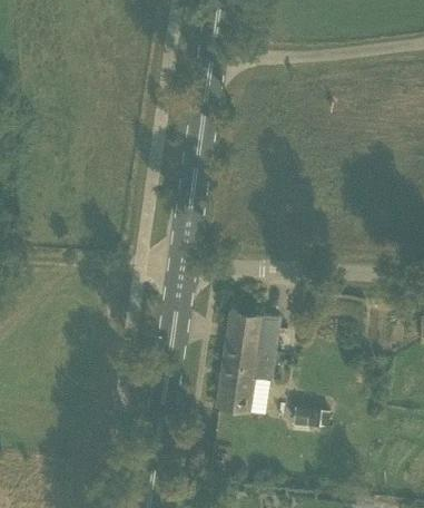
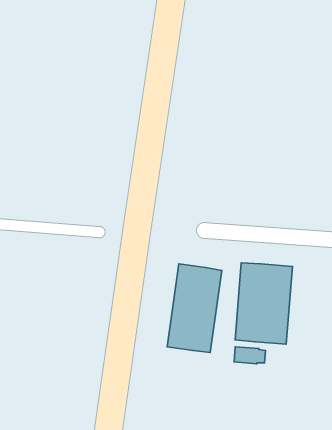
building: none -> [235,263,292,344]

